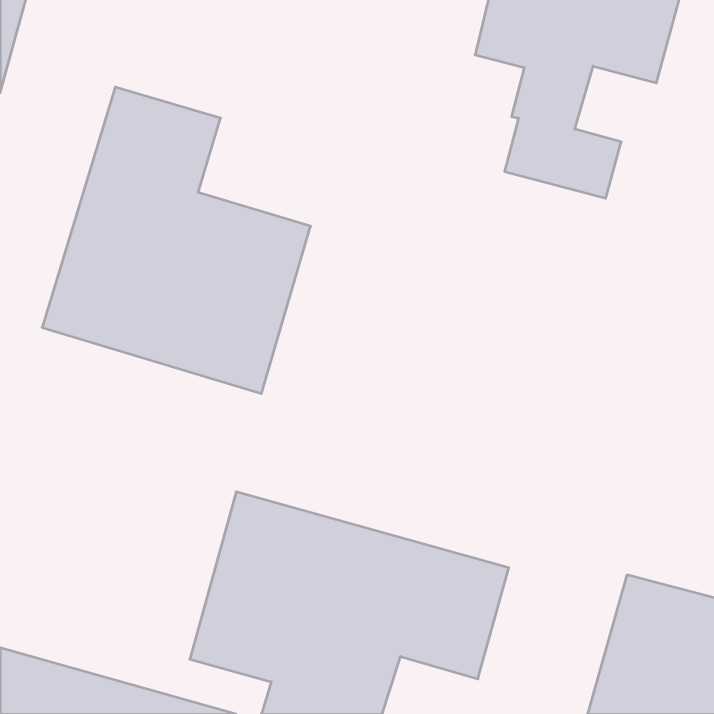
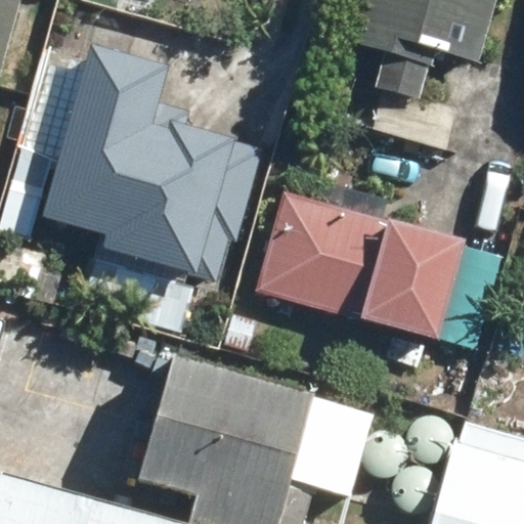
building: none -> [252,195,467,338]

